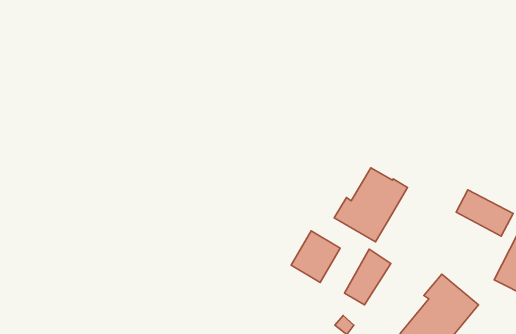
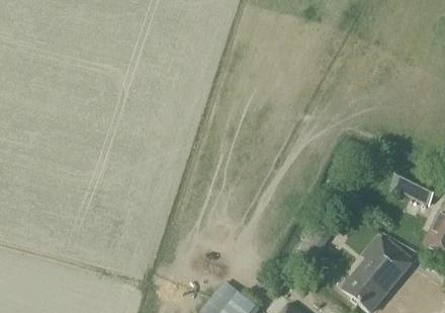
building: [334,168,408,242] -> none
building: [291,231,340,282] -> none

